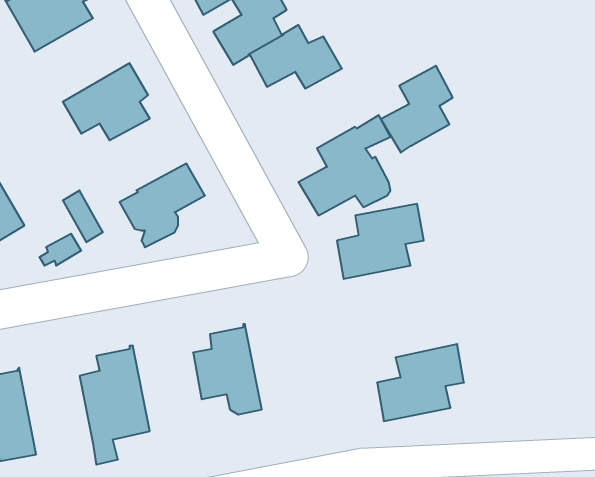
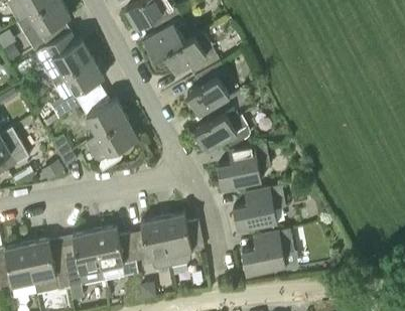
building: none -> [35,32,92,83]
building: [381,66,453,153] -> [186,62,230,115]
building: none -> [80,93,126,136]
building: none -> [232,185,285,231]
building: none -> [161,214,204,268]
building: none -> [94,227,138,281]
building: none -> [25,241,70,295]

